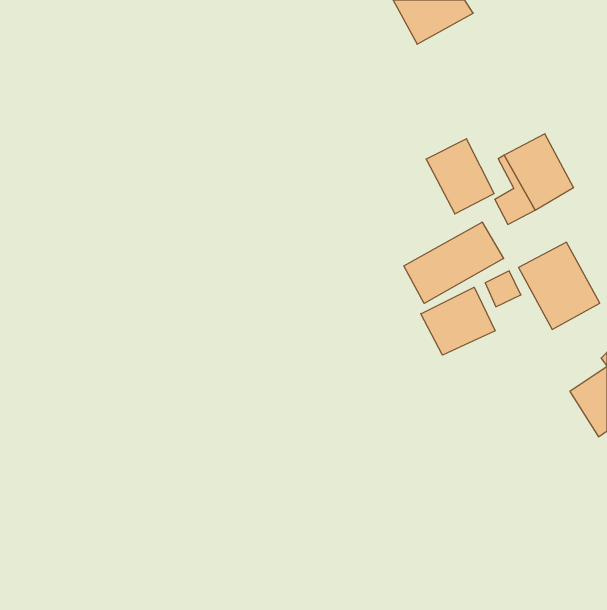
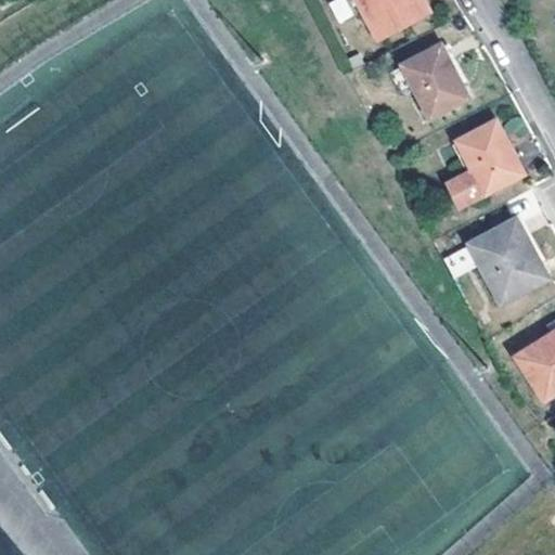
building: [426,139,494,214] -> [403,47,465,115]
building: [404,222,504,303] -> none
building: [421,287,495,355] -> none

